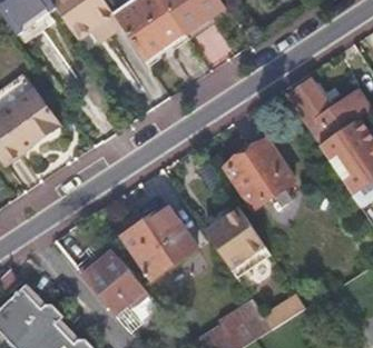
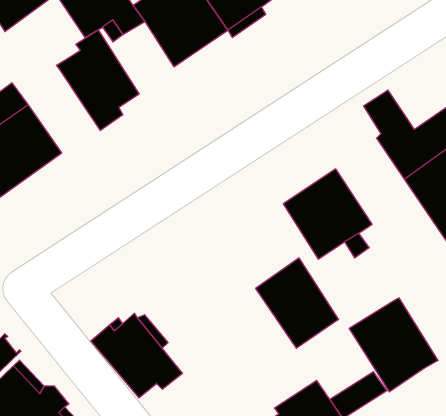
building: none -> [56,30,139,131]
building: [122,203,197,277] -> none
building: none -> [349,298,438,392]

